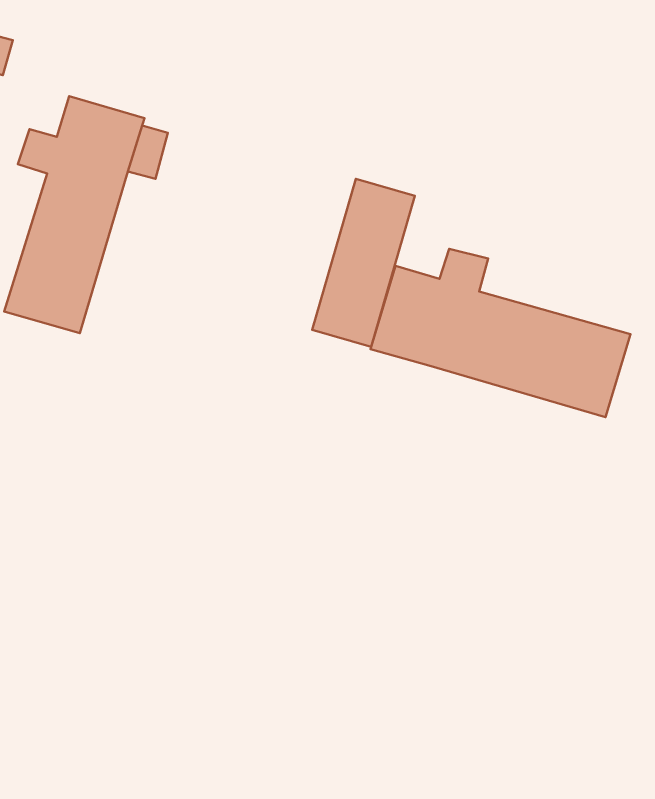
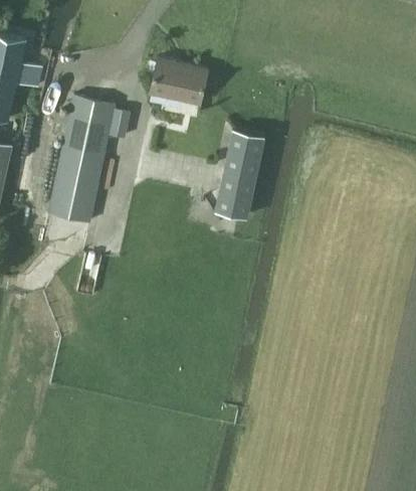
building: none -> [150,59,207,105]
building: [370,249,631,417] -> none

